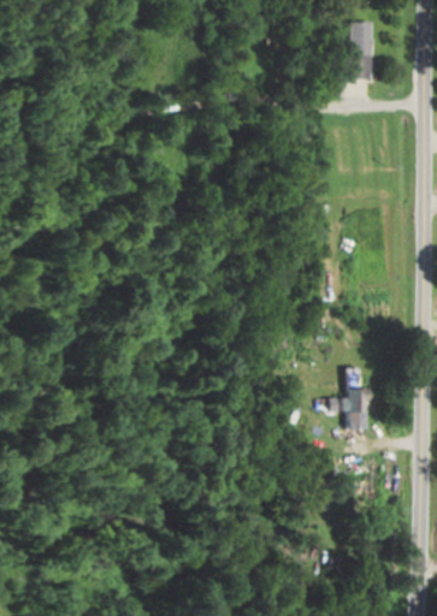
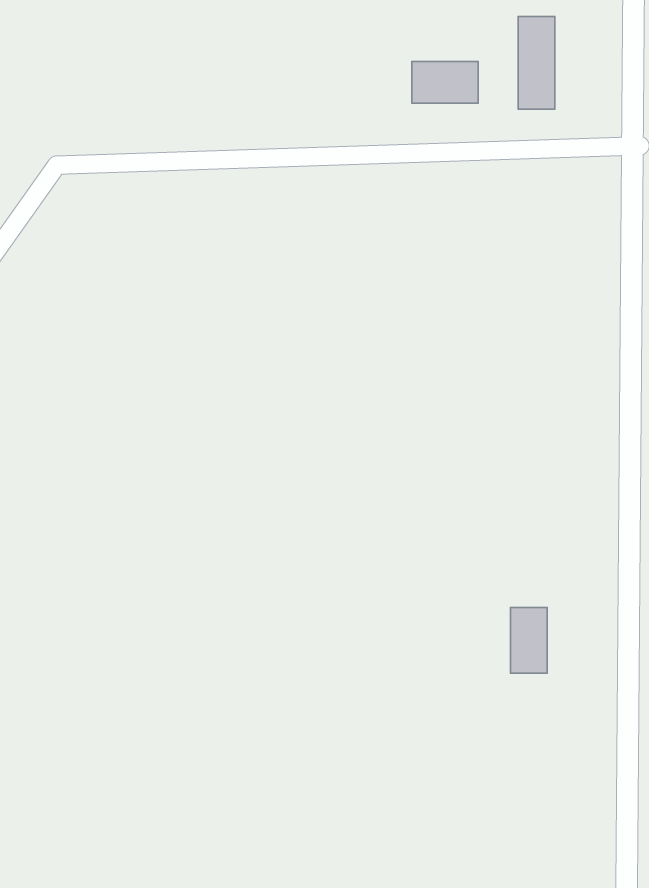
building: none -> [412,61,478,103]

